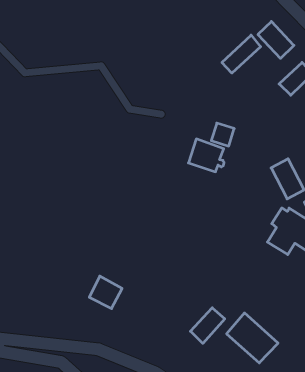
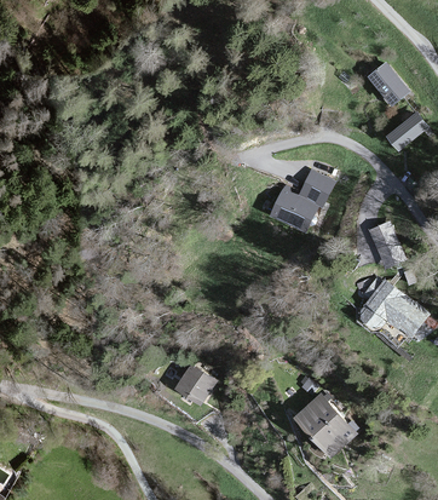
building: [222,35,261,73] -> none
building: [89,276,122,309] -> [177,366,215,404]
building: [190,308,225,343] -> none

